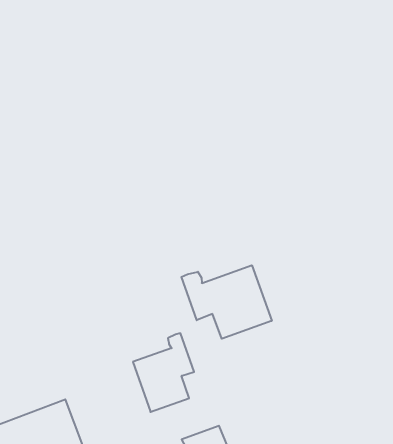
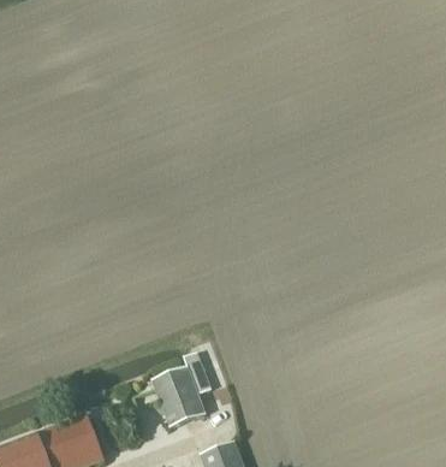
building: [181,265,272,339] -> none

